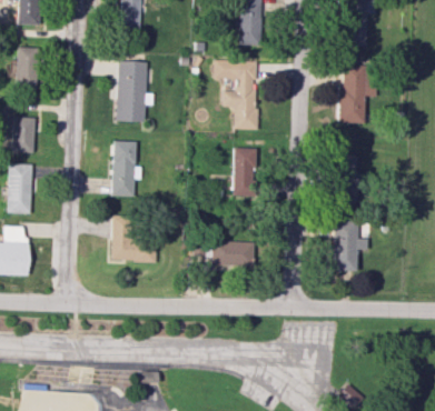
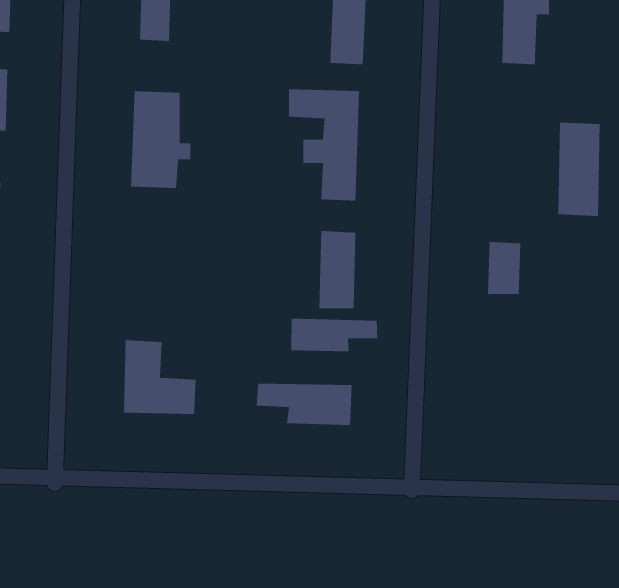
building: [340,64,367,123] -> [558,122,601,217]
building: [111,141,136,197] -> none
building: none -> [291,318,378,352]
building: [333,220,368,271] -> none

